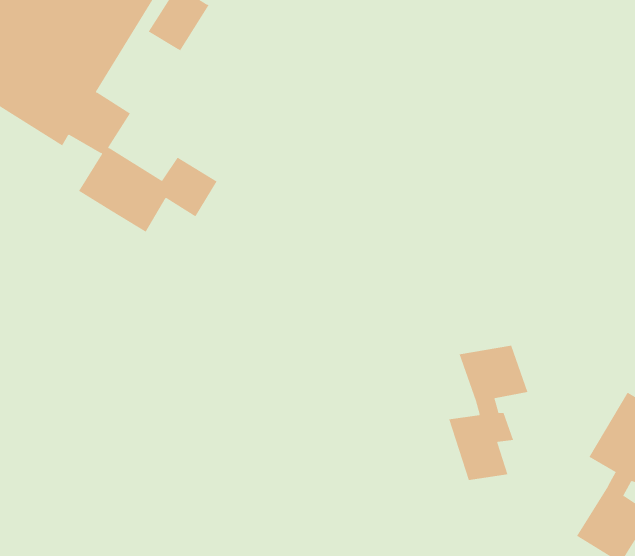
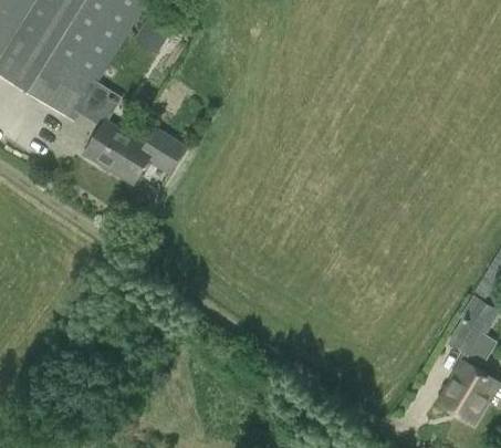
building: [448,345,528,481] -> none

